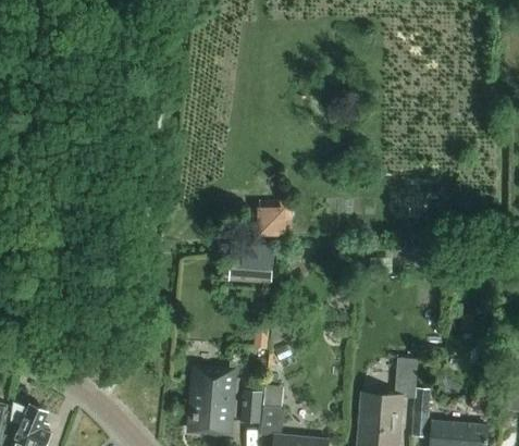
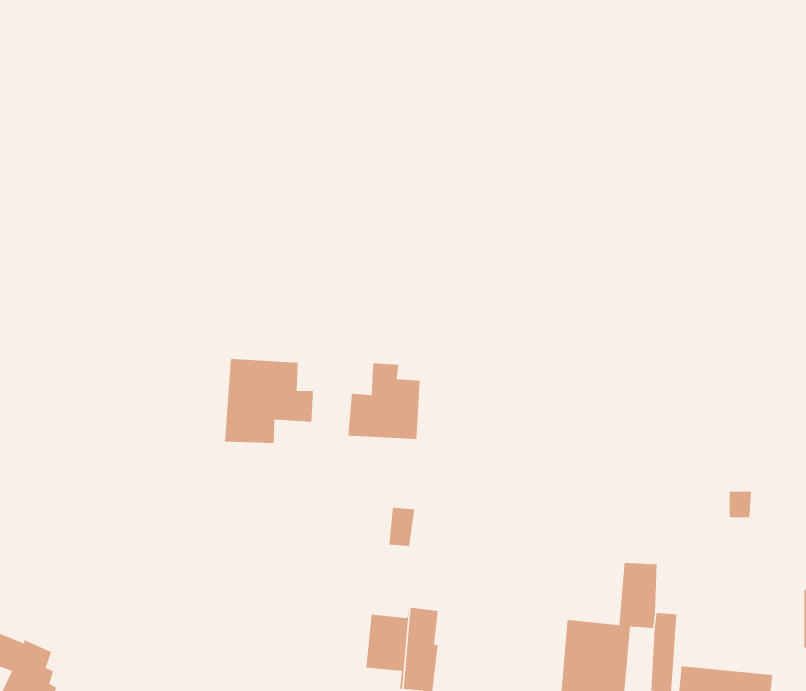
building: [258,201,291,233] -> none
building: none -> [225,358,314,444]
building: [189,369,231,432] -> none

